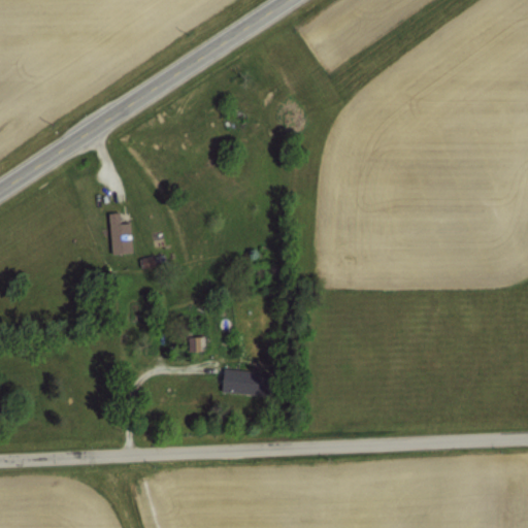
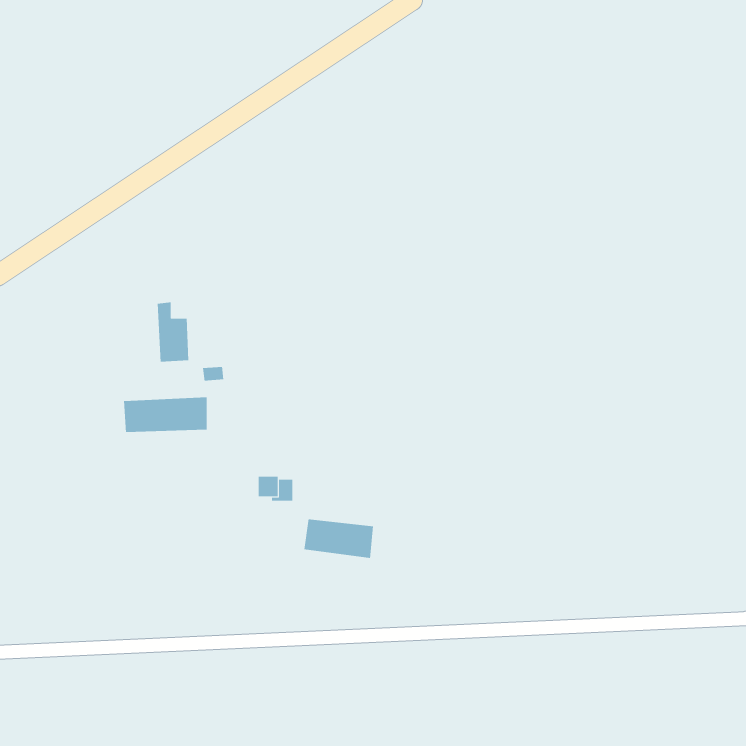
building: none -> [123,396,207,433]

